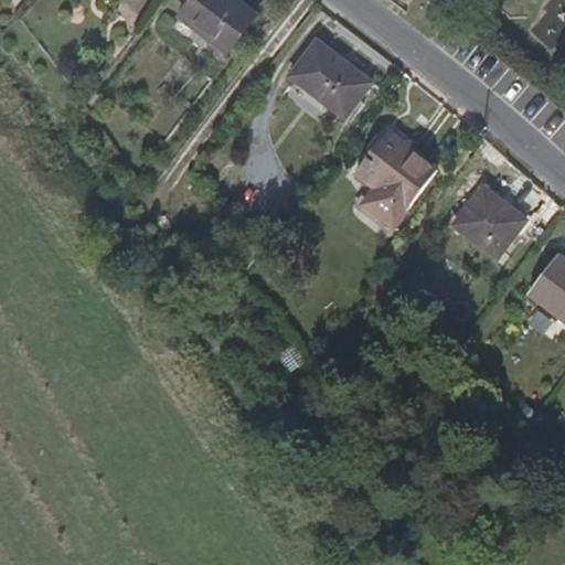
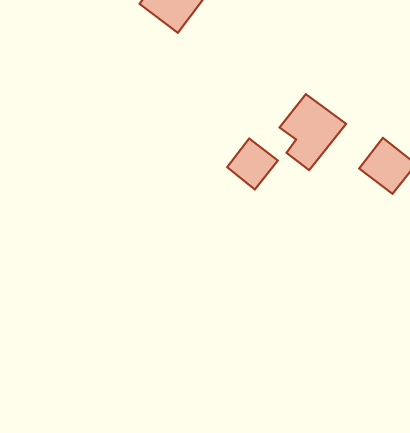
building: [290,40,370,116] -> none
building: none -> [227,138,278,189]

